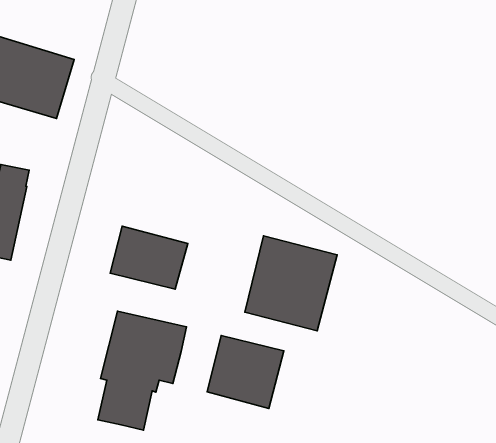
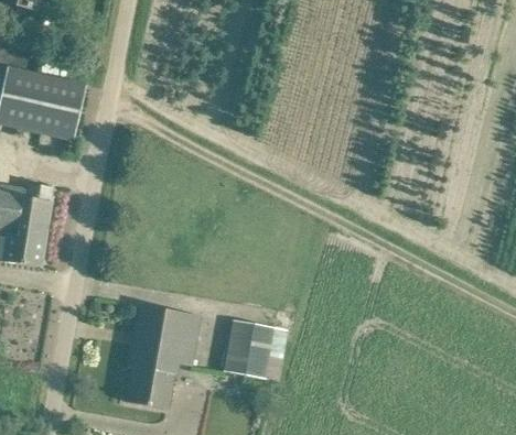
building: [110,226,188,289] -> none
building: [245,236,337,331] -> none

